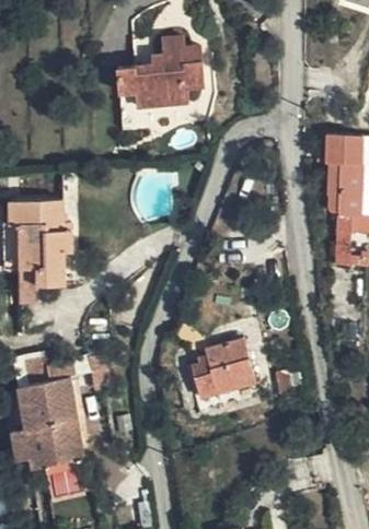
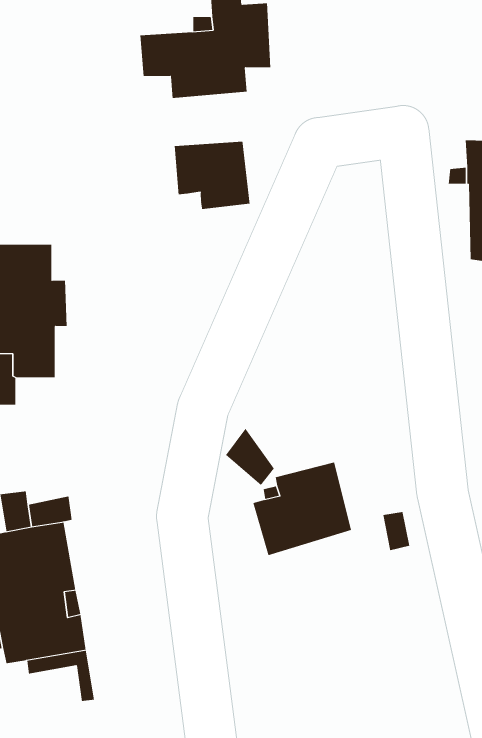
building: none -> [174,141,250,210]

